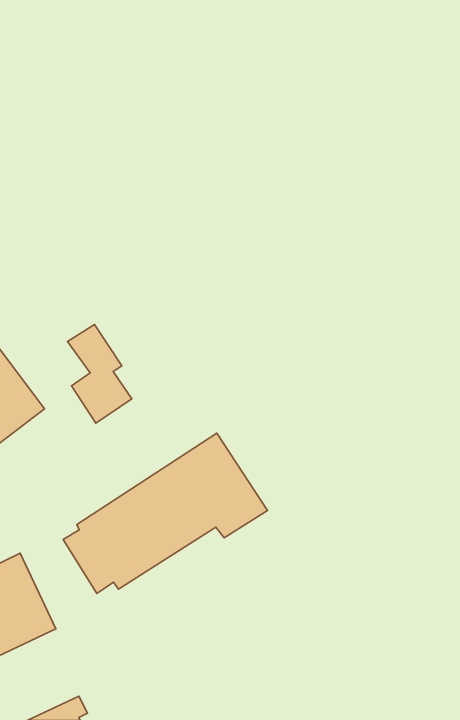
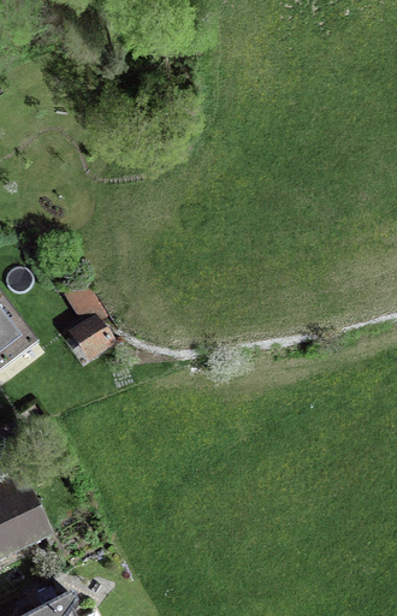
building: [63,433,267,593] -> none

